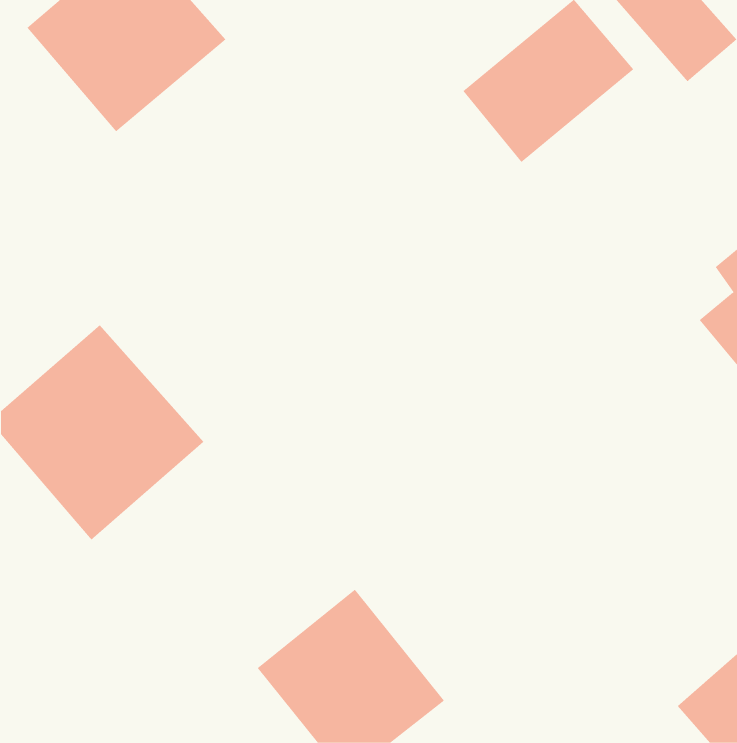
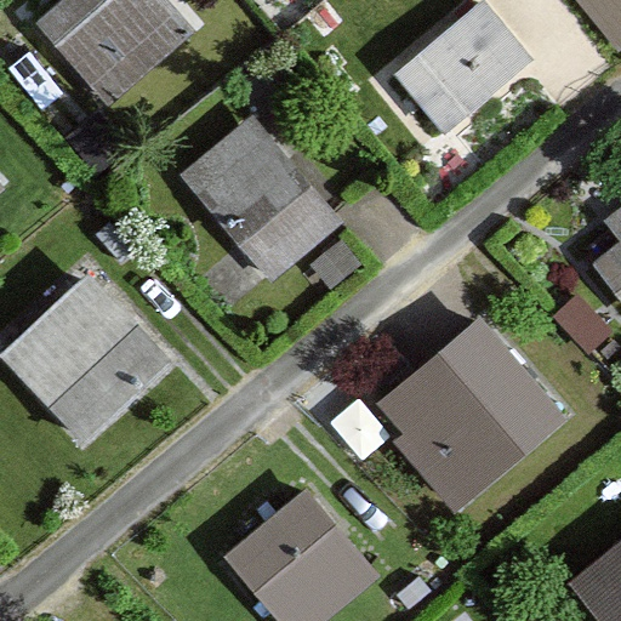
building: none -> [182,116,343,284]
building: none -> [376,313,569,505]

